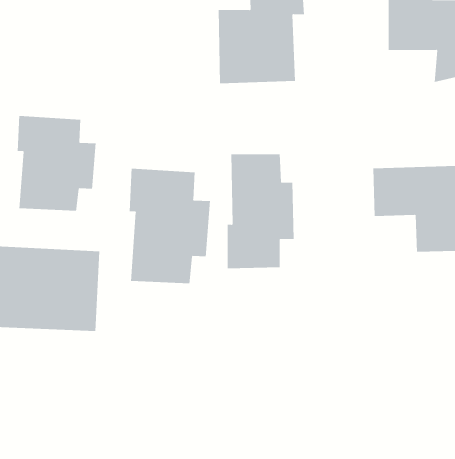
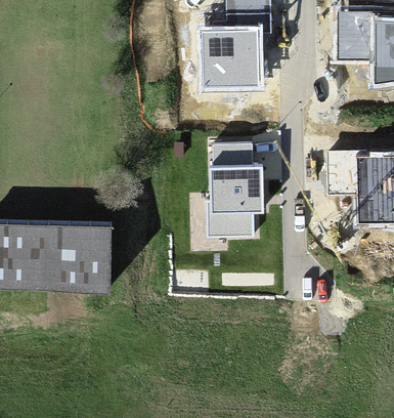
building: [17,115,96,212] -> none
building: [129,168,210,284] -> none

